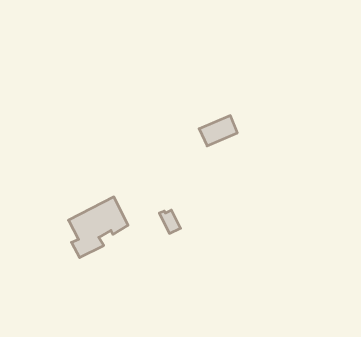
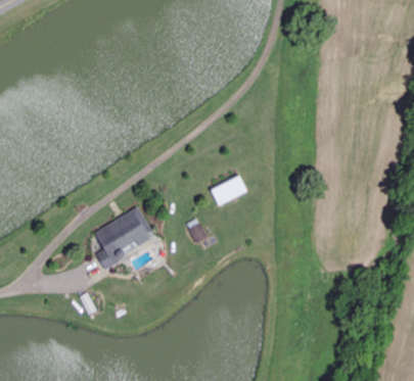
building: [199,116,237,146] -> [209,175,247,205]

